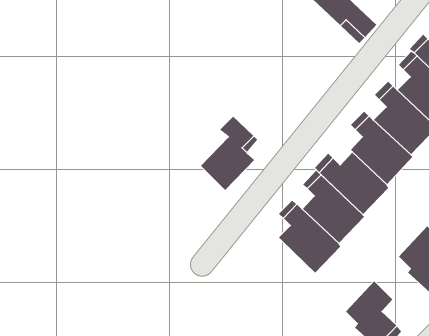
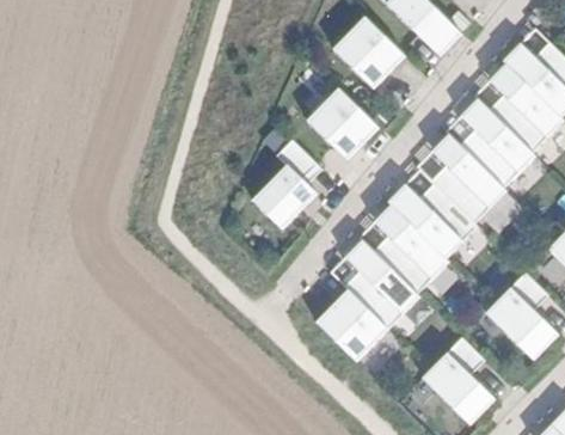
building: none -> [334,19,406,91]
building: none -> [306,88,377,160]
building: none -> [317,290,389,362]

